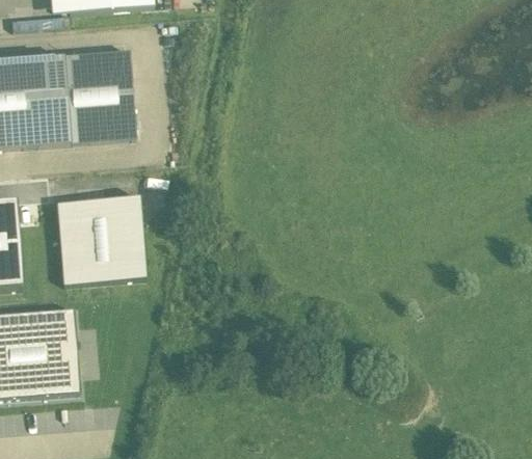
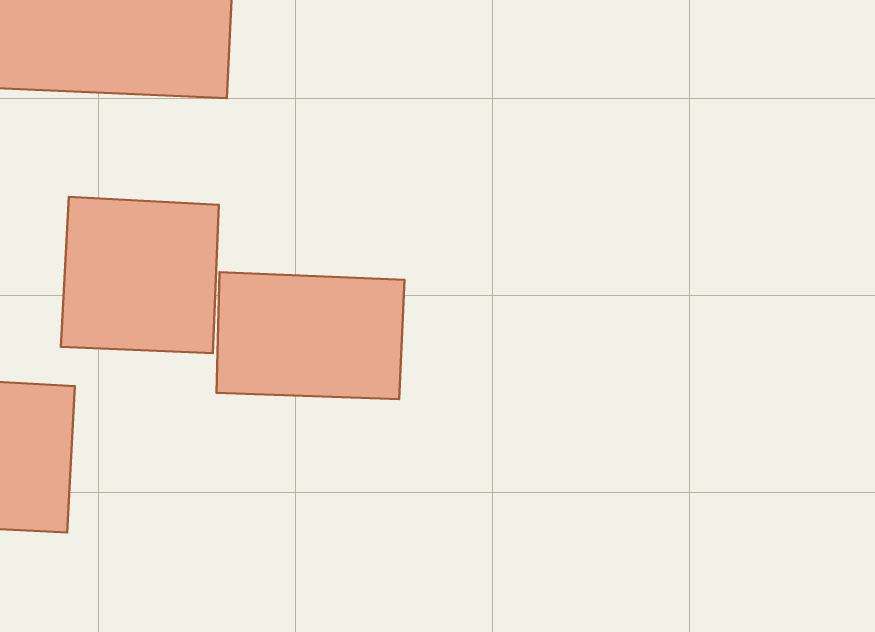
building: none -> [217,272,405,399]

